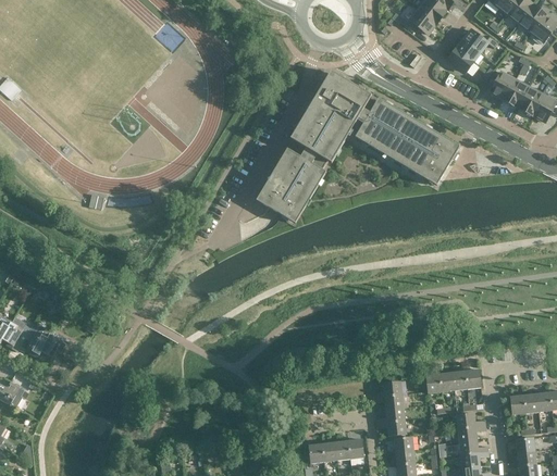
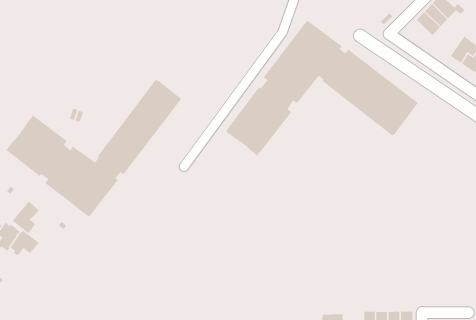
building: none -> [6,79,182,218]
building: none -> [12,200,40,234]

